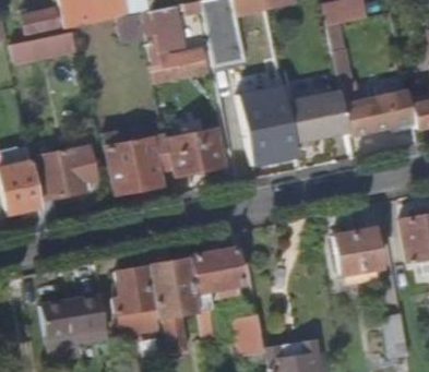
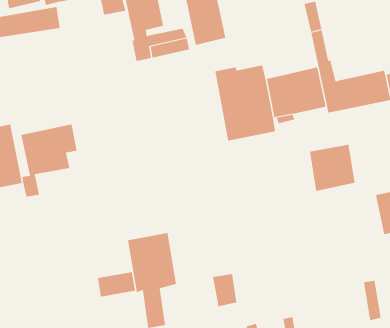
building: [172,131,226,177] -> none
building: [106,132,174,192] -> none
building: [335,228,382,276] -> [309,144,355,191]
building: [190,248,242,310] -> none
building: [111,266,150,304] -> none
building: [44,297,109,338] -> none

